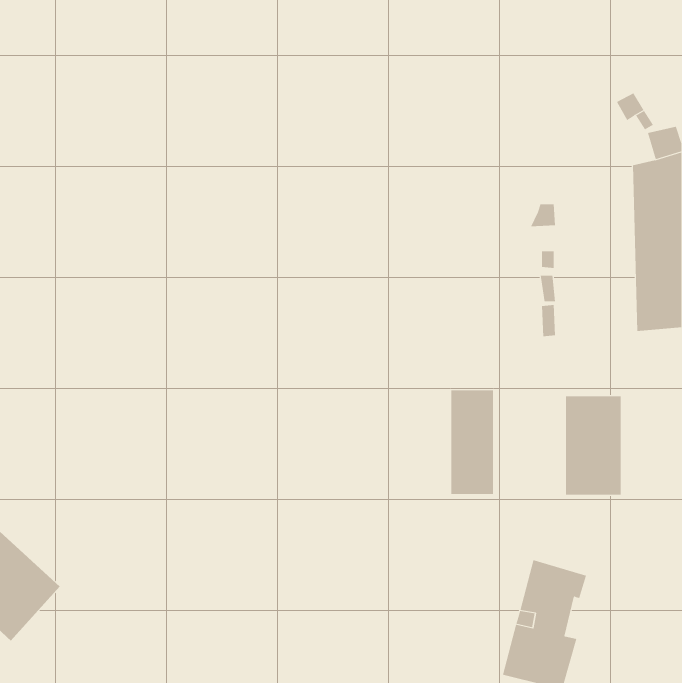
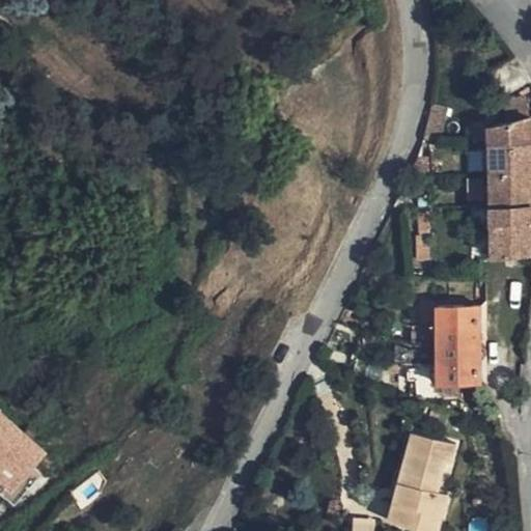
building: [451,389,494,495] -> none

